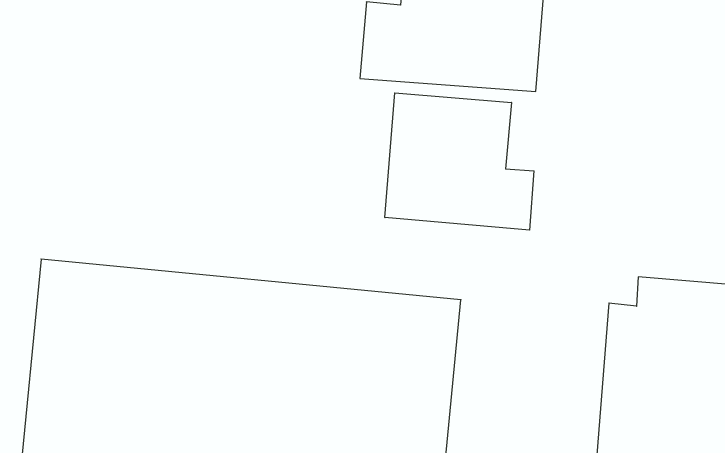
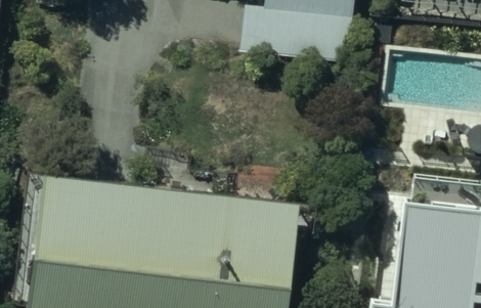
building: [385,93,534,230] -> none

